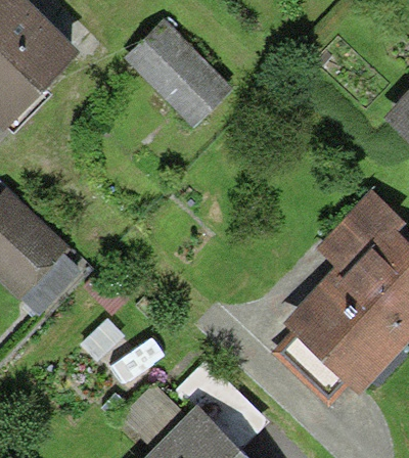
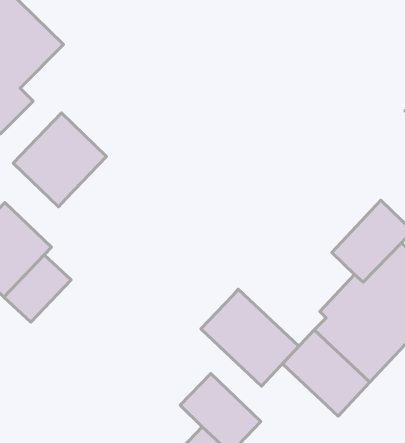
building: [129,25,222,114] -> none
building: none -> [13,113,107,207]
building: none -> [201,289,299,386]

